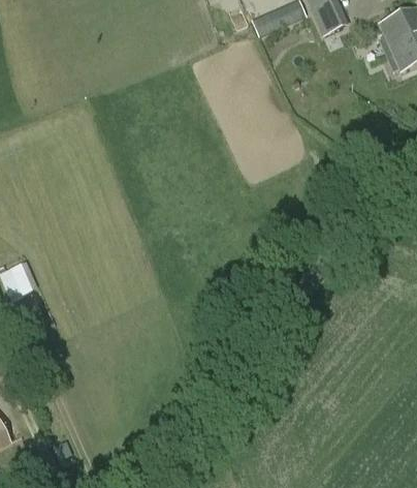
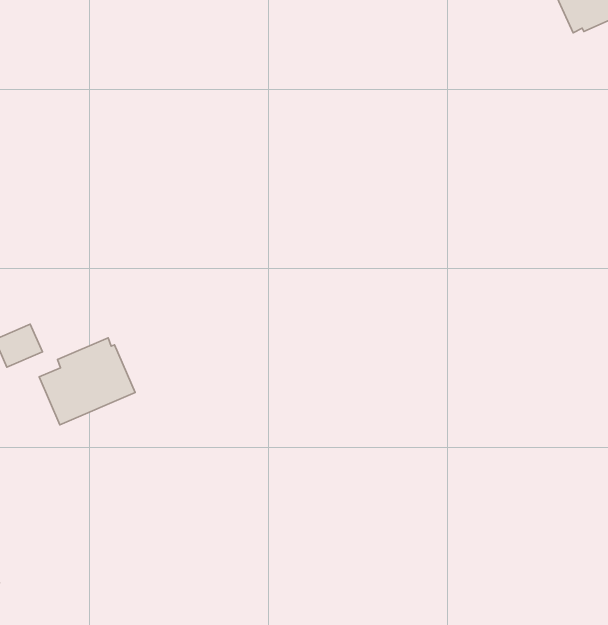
building: none -> [39,338,135,425]

